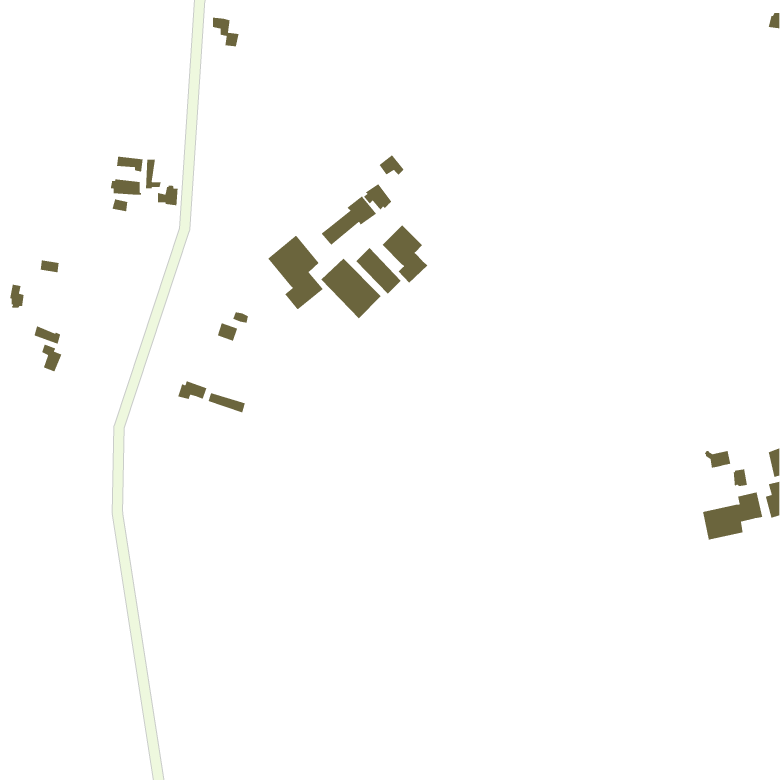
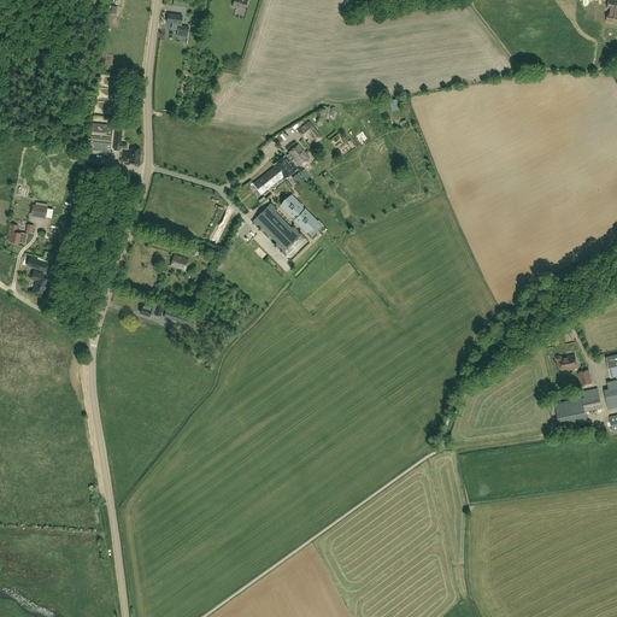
building: [382,225,428,283] -> none
building: [267,234,324,310] -> none

